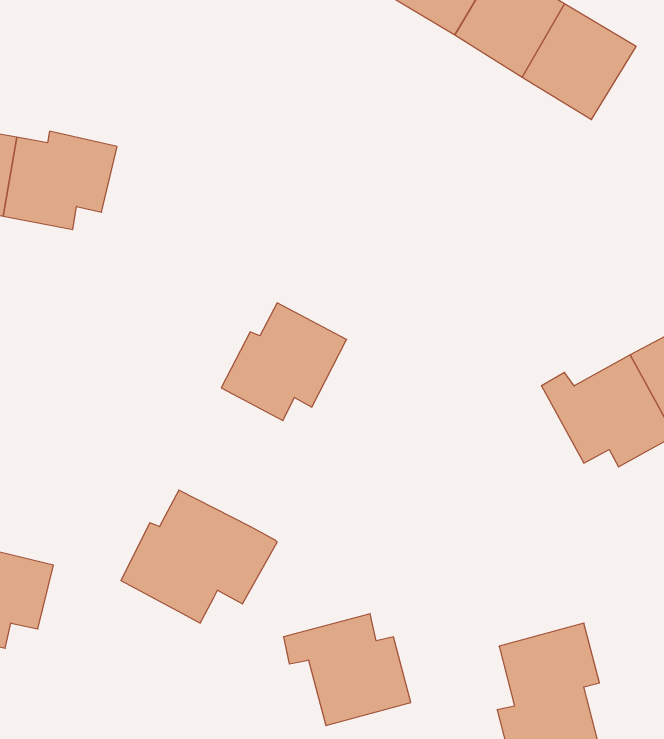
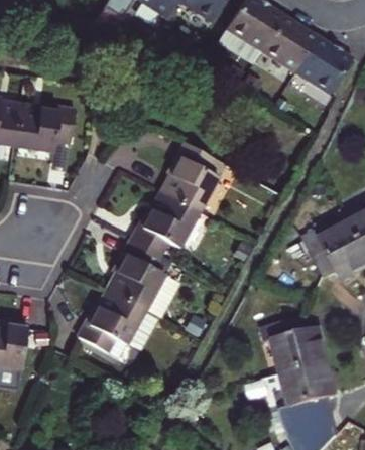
building: none -> [162,139,219,211]
building: none -> [111,237,174,309]
building: [283,614,411,726] -> [256,313,323,371]

